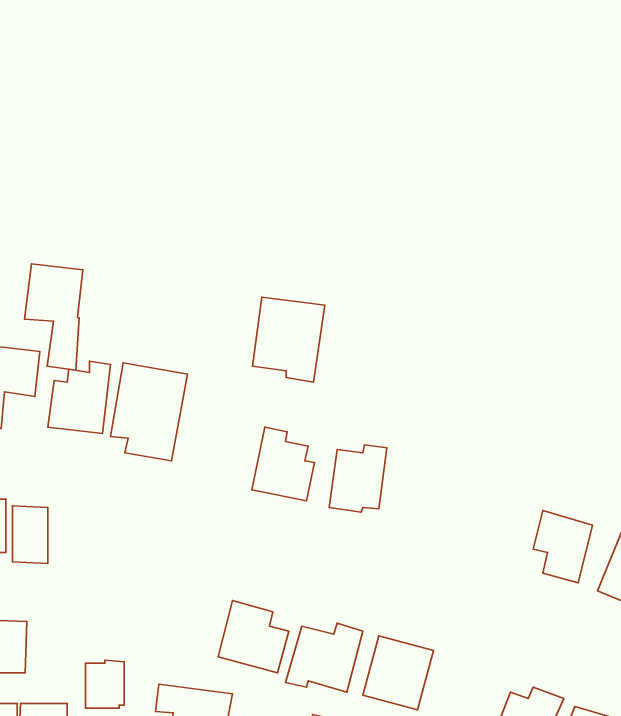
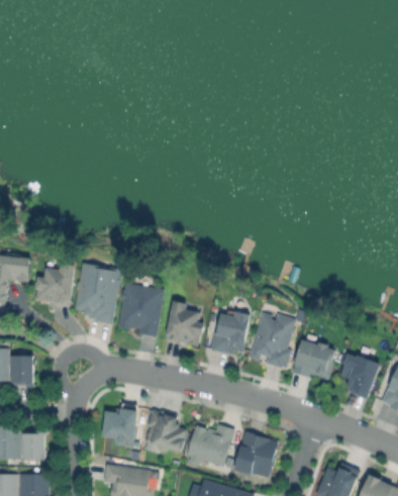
building: [25,264,83,370] -> none
building: [252,297,325,382] -> [117,285,163,338]
building: none -> [250,312,295,371]
building: none -> [293,340,336,382]
building: none -> [104,402,139,436]
building: [86,660,124,708] -> [23,427,47,458]

